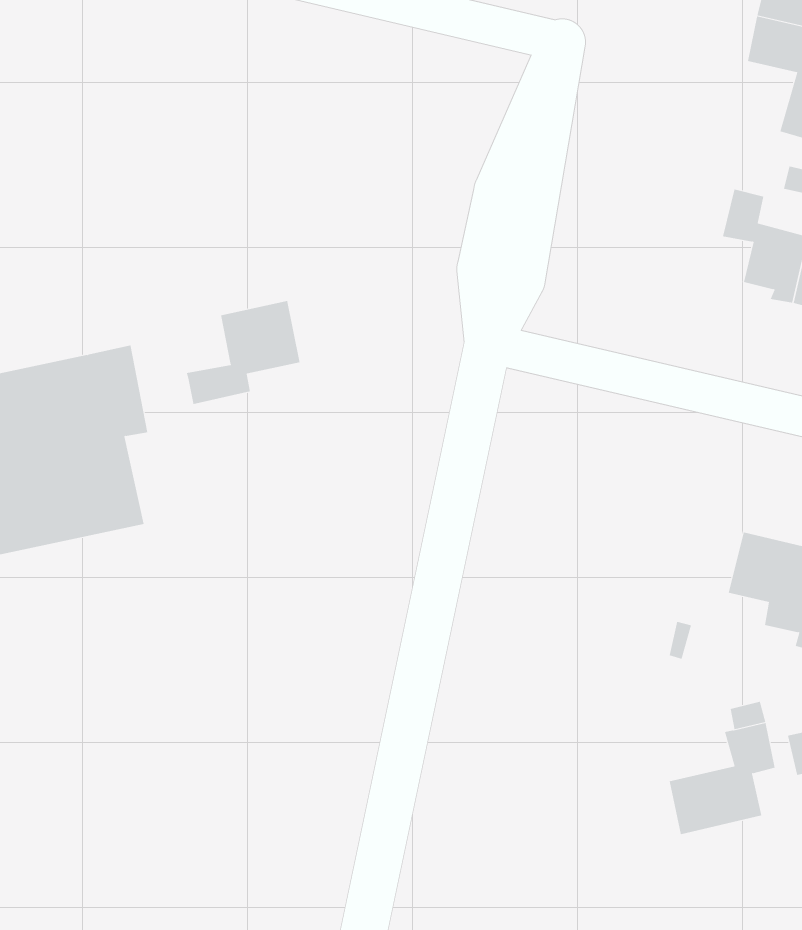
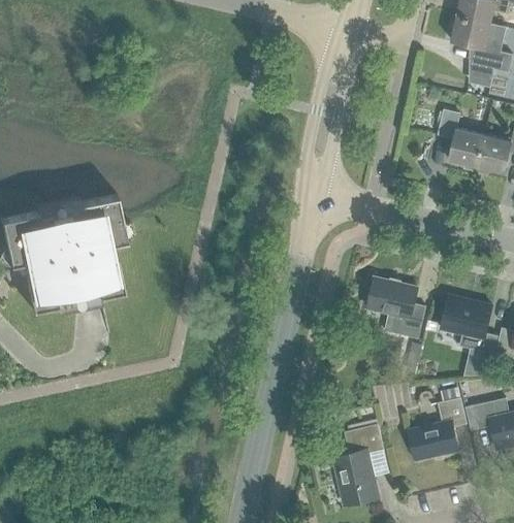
building: [186,300,300,405] -> none
building: none -> [367,279,426,339]
building: none -> [333,425,383,506]

